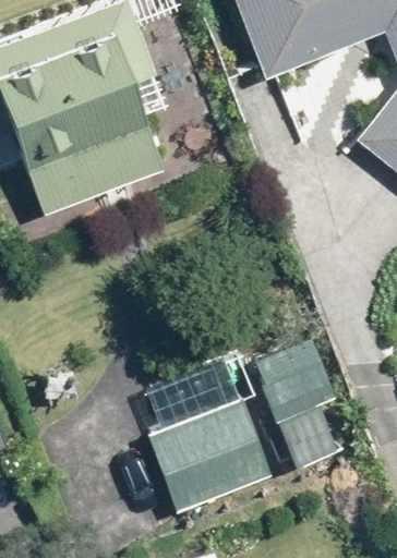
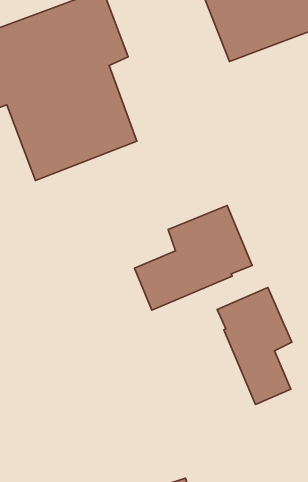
building: none -> [134,205,252,310]
building: [148,396,275,511] -> none

